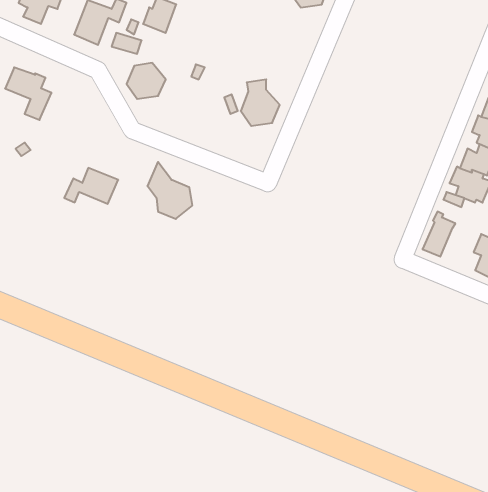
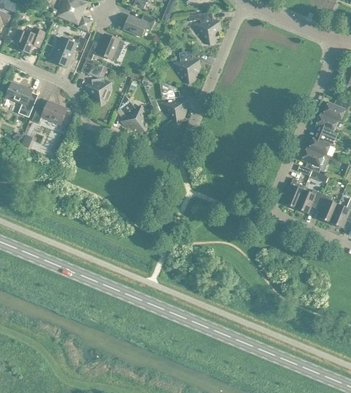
building: none -> [174,51,200,81]
building: [147,162,192,219] -> [118,94,148,132]
building: [64,168,118,204] -> [31,100,67,124]
building: none -> [295,189,322,213]

